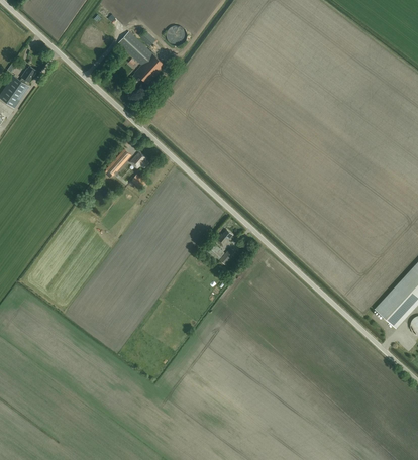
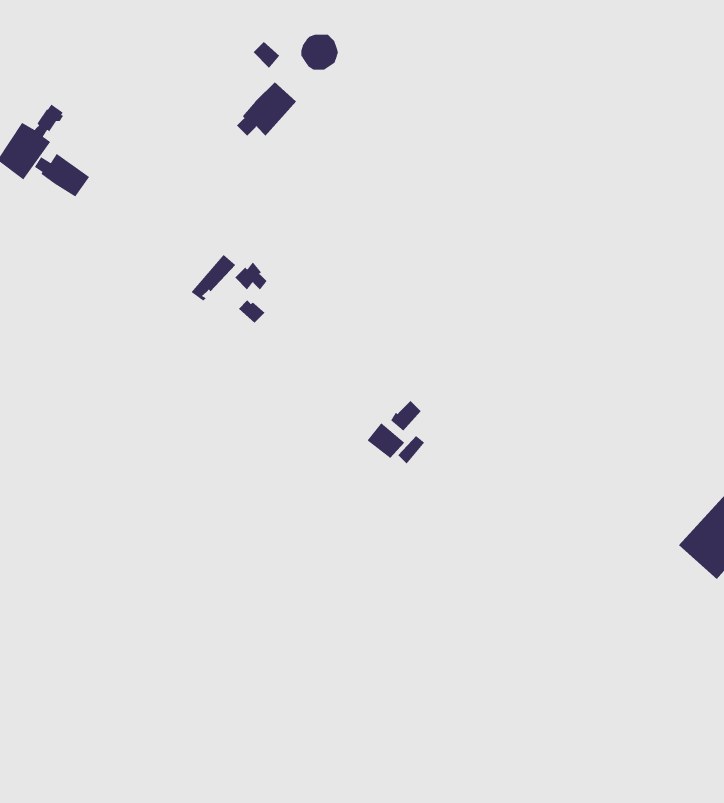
building: [118,30,152,64] -> none
building: none -> [34,153,90,198]

